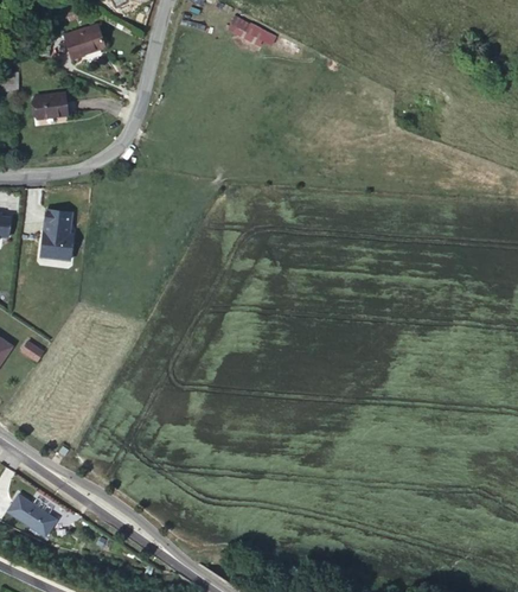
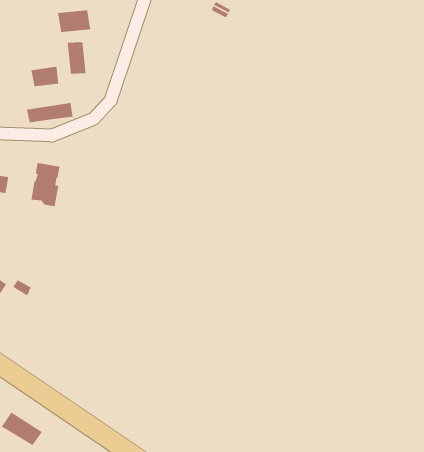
building: none -> [67,42,86,74]
building: none -> [26,102,74,123]

